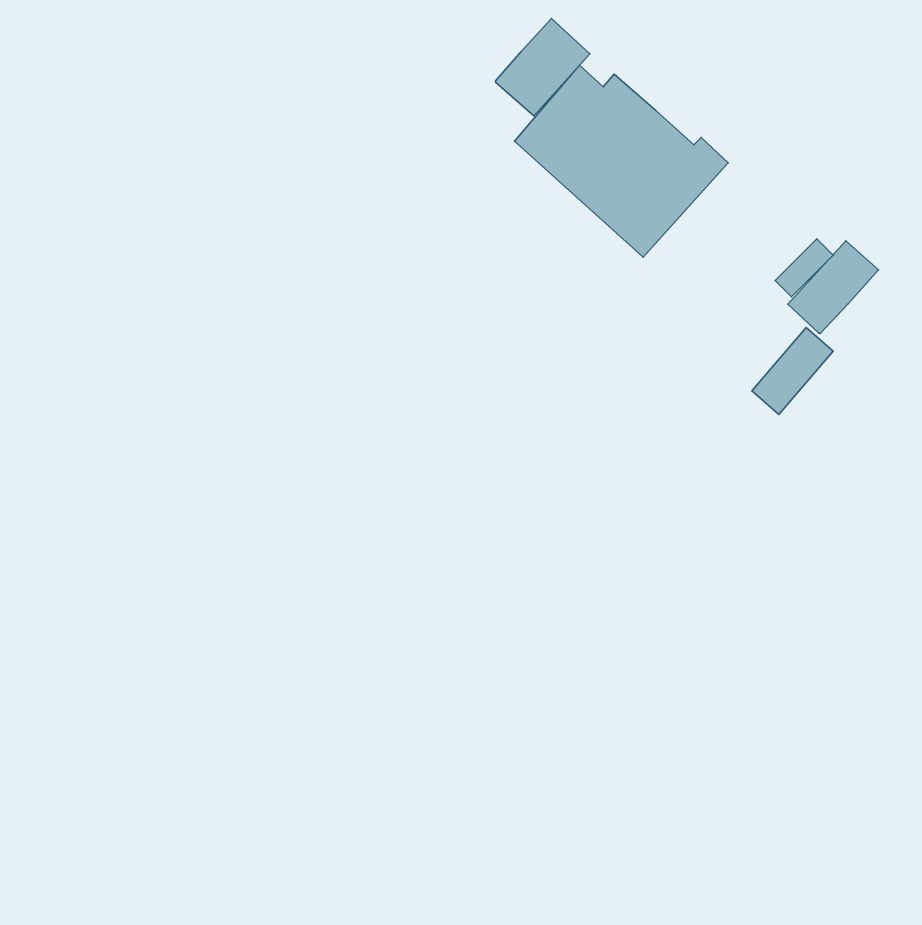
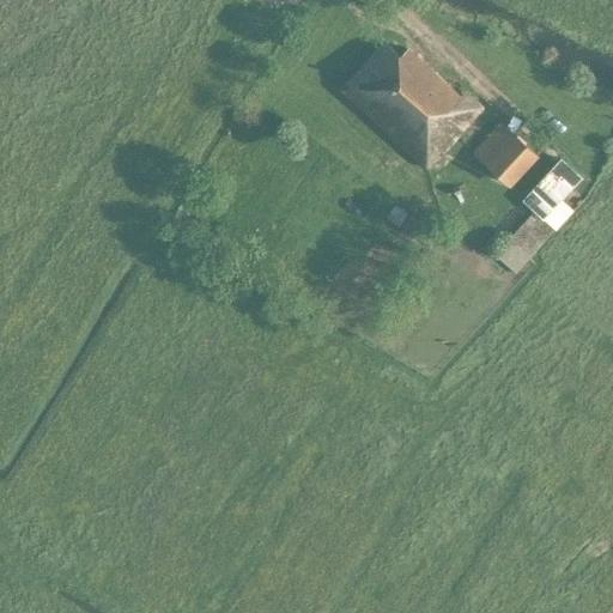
building: [496,19,590,116] -> none
building: none -> [475,125,536,186]

